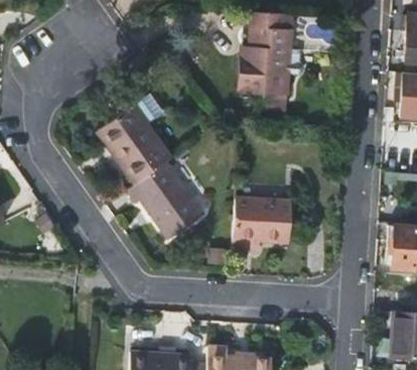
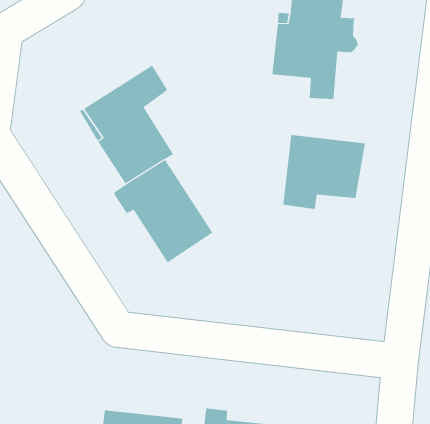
building: [233,197,293,252] -> [282,135,366,209]

